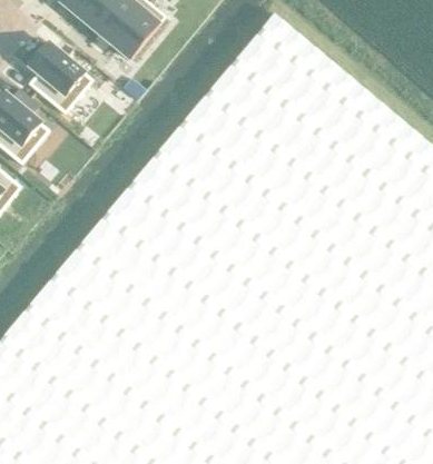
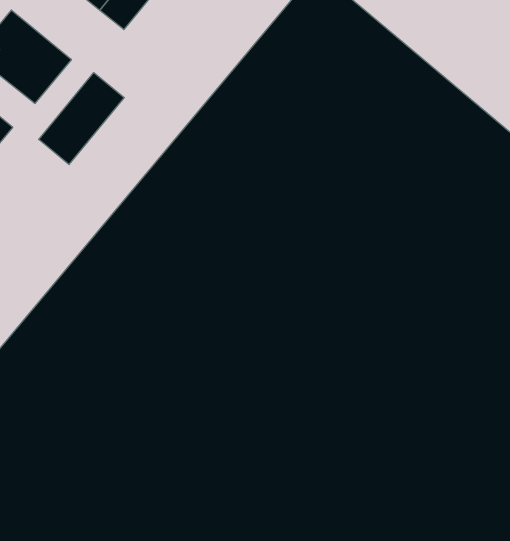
building: none -> [39,73,124,165]

